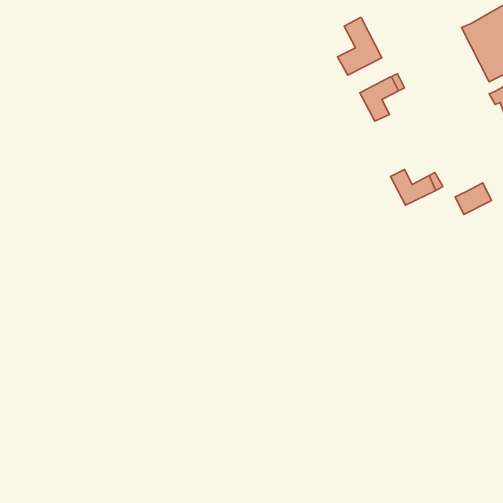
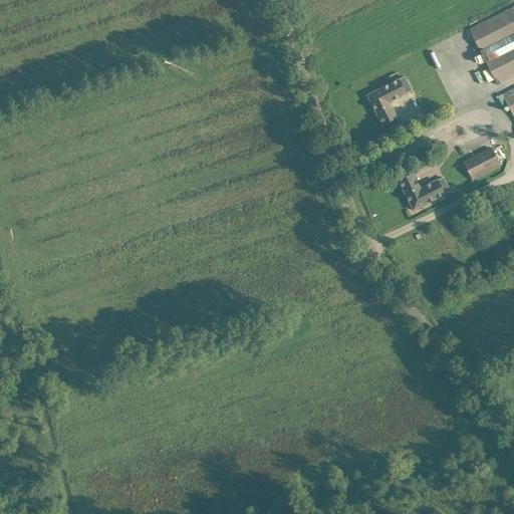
building: [338,17,382,75] -> none
building: [455,183,492,214] -> [465,147,502,179]

